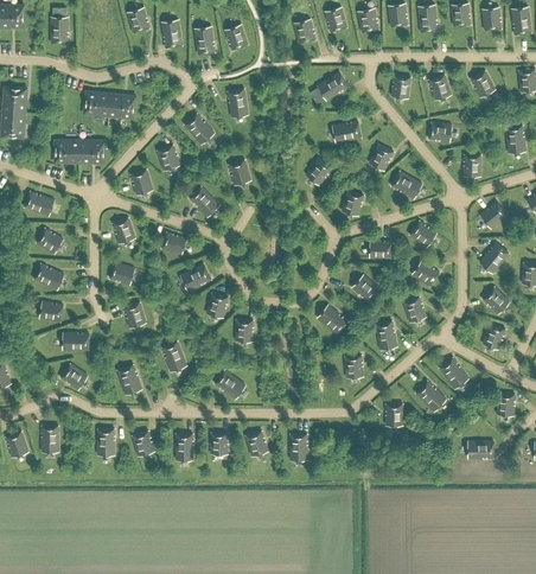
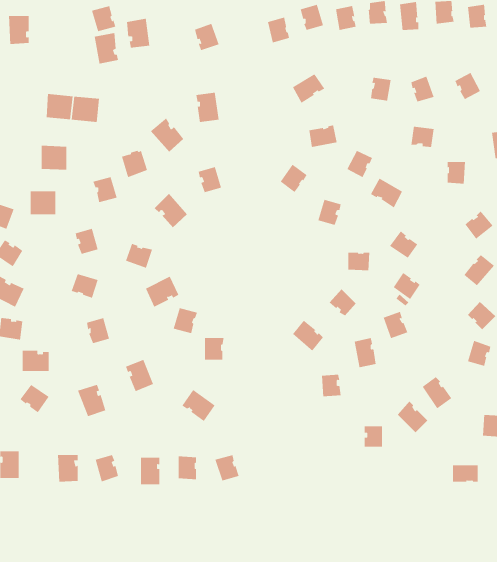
building: [192,26,216,56] -> [94,33,119,64]
building: [55,139,79,161] -> [30,191,56,215]
building: [287,433,307,460] -> none

